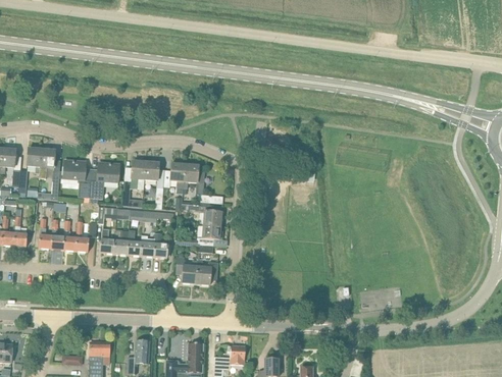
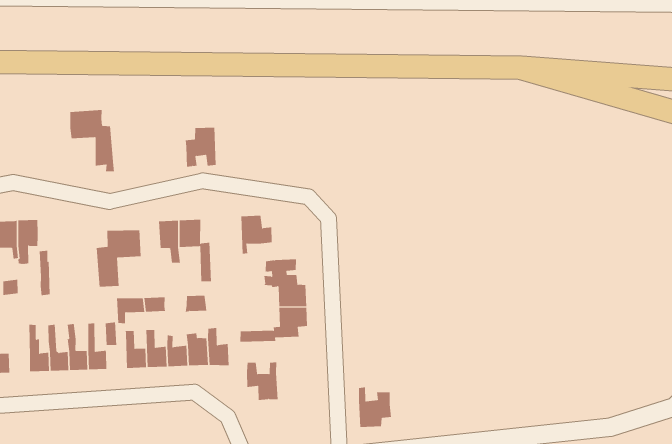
building: [63,160,90,202] -> [69,110,115,172]
building: [163,162,185,187] -> [185,127,216,167]
building: [195,258,217,284] -> [358,387,392,427]

